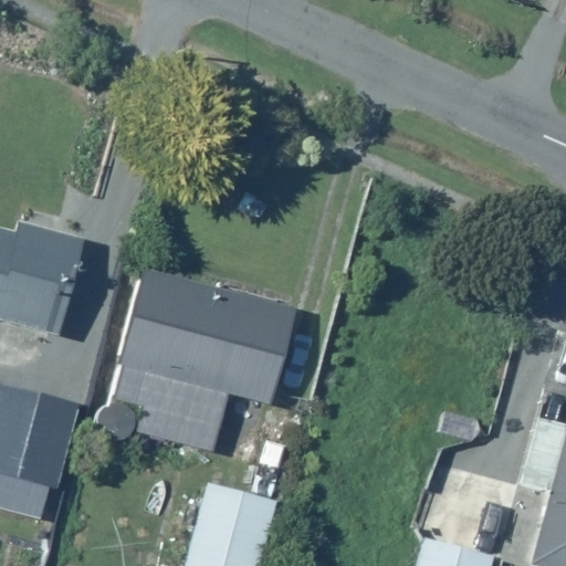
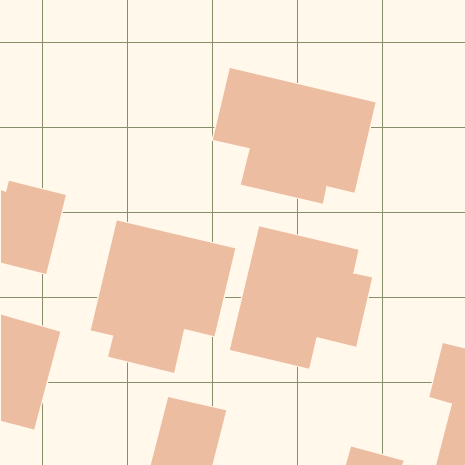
building: none -> [212,67,376,204]
building: none -> [229,226,373,369]

